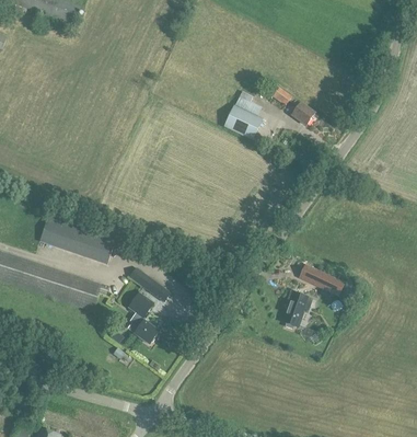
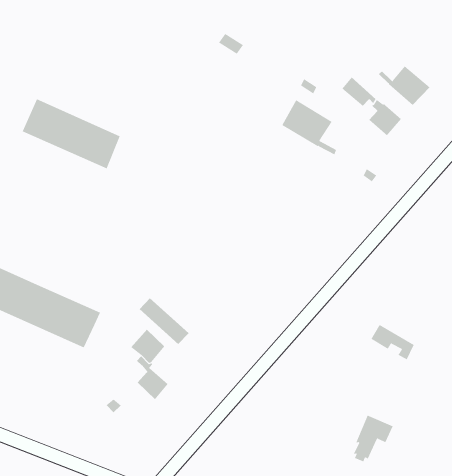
building: none -> [378,65,430,106]
building: [40,216,116,264] -> [22,99,121,169]
building: [285,291,313,327] -> [353,415,393,462]

